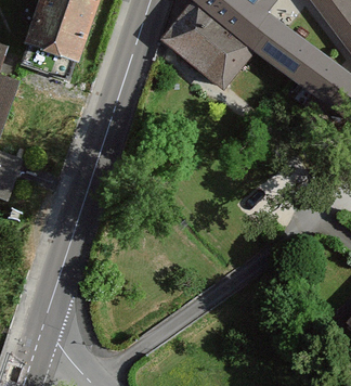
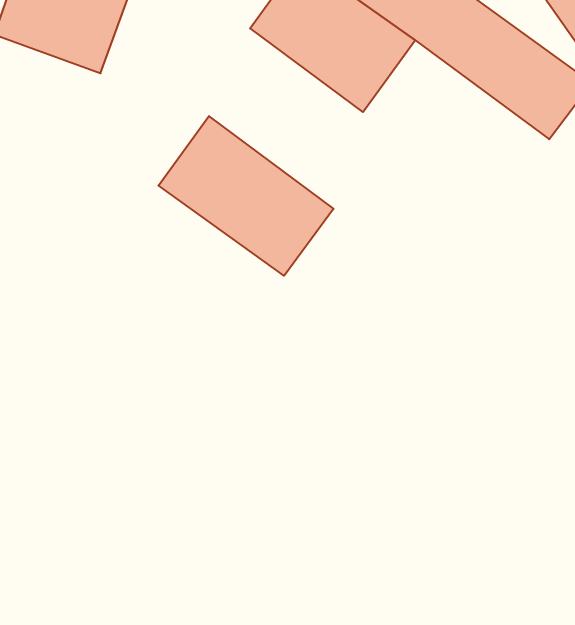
building: none -> [158,116,334,276]

